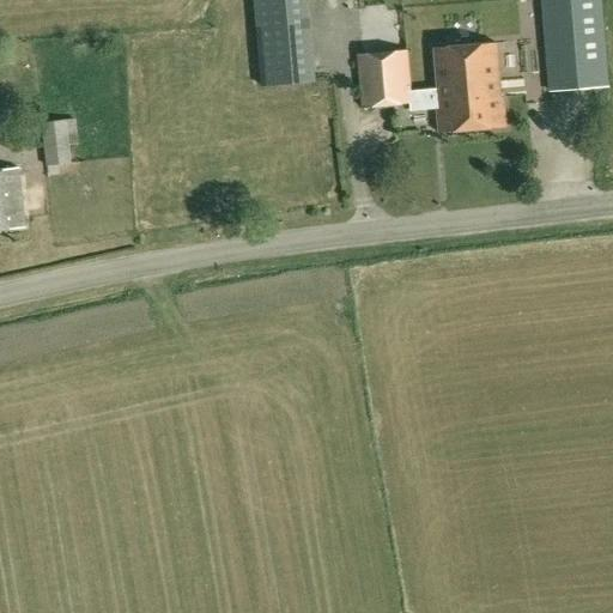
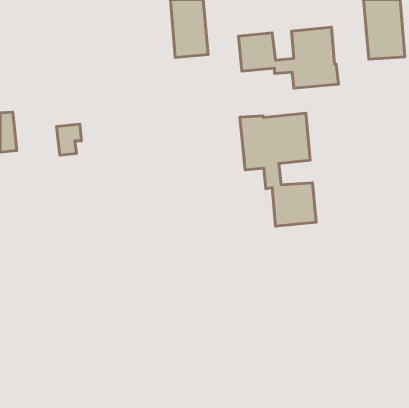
building: [42,117,79,164] -> [57,124,81,155]
building: none -> [240,113,316,226]

